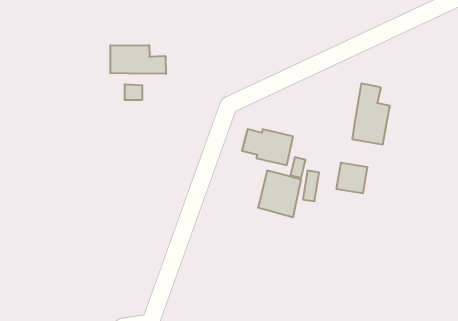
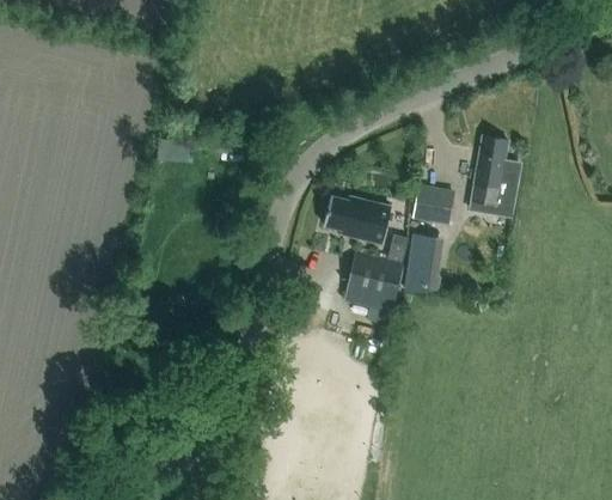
building: [110,45,166,74] -> none
building: [336,163,368,193] -> [412,184,454,225]

